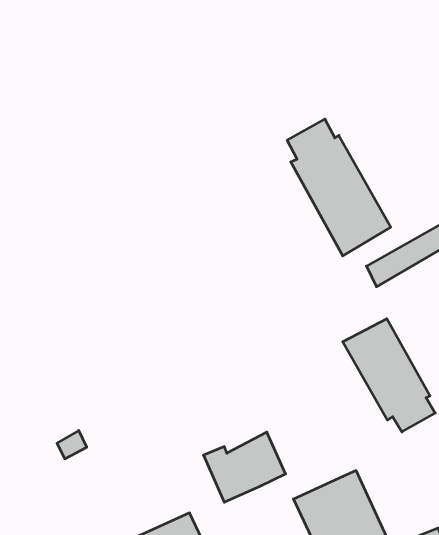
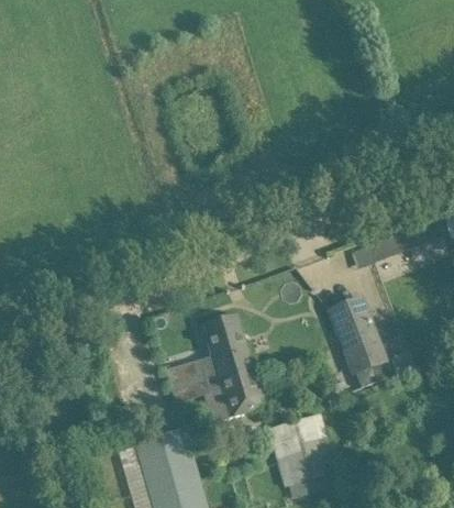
building: [287,119,391,256] -> none
building: none -> [165,314,255,405]

